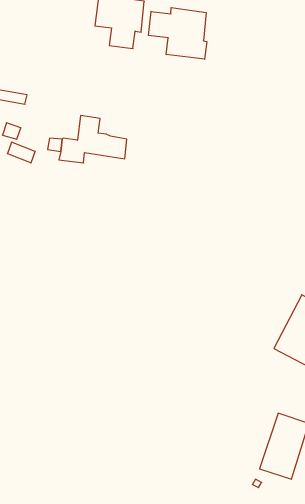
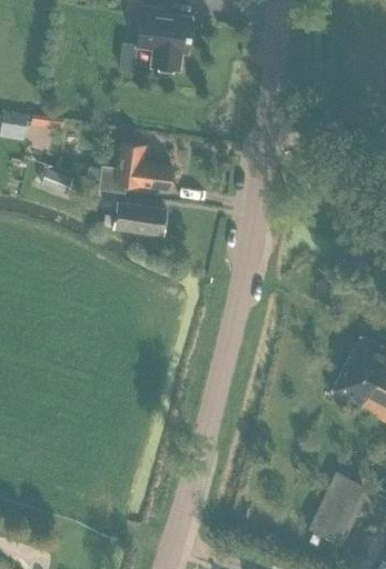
building: [148,8,207,59] -> none
building: none -> [115,206,167,237]

